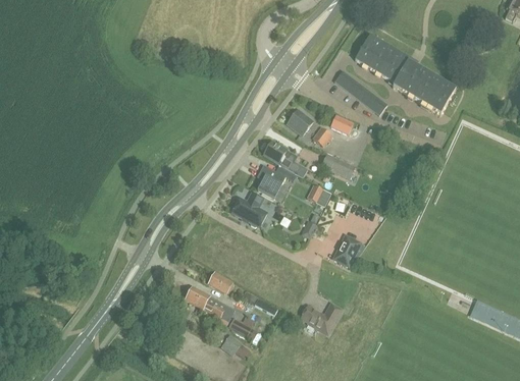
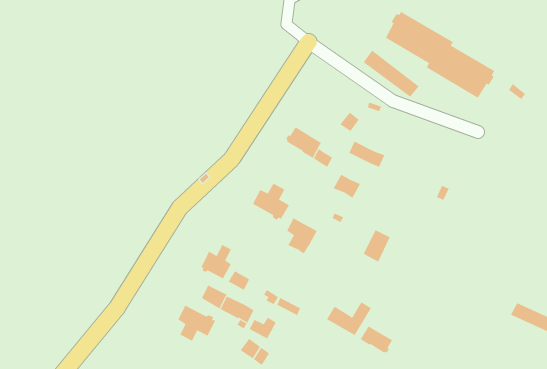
building: [287,109,314,135] -> none
building: [257,164,285,198] -> [286,218,317,254]
building: none -> [200,244,232,279]
building: none -> [177,305,216,341]
building: none -> [360,325,393,354]

